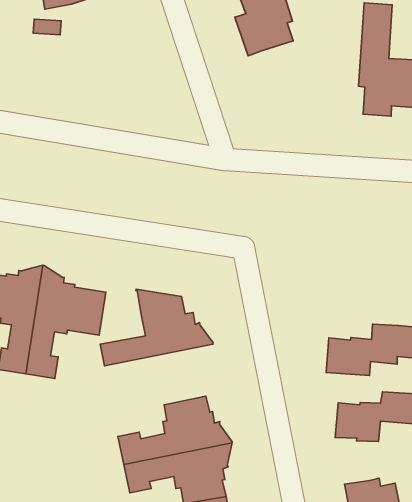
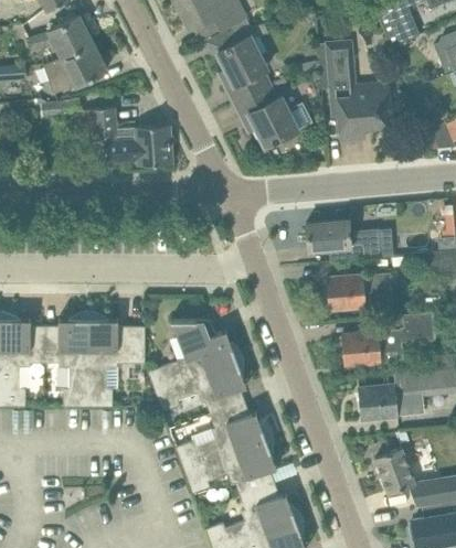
building: none -> [74,108,172,165]
building: none -> [234,87,312,147]
building: none -> [306,219,393,259]
building: none -> [326,272,391,309]
building: none -> [153,356,244,415]

